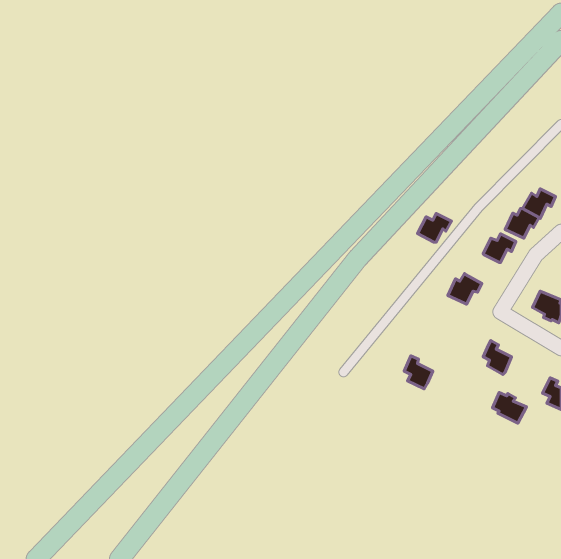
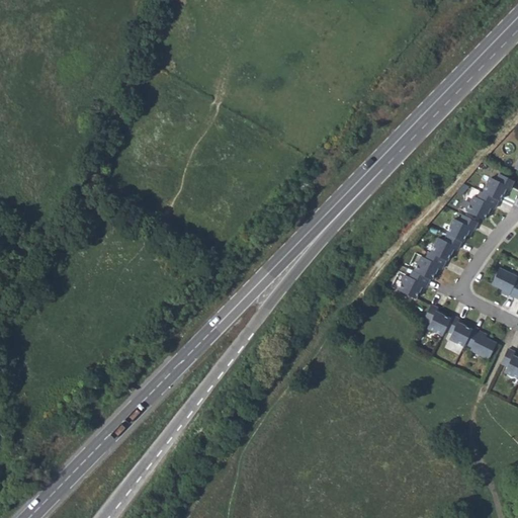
building: [417,214,451,242] -> [429,235,460,261]
building: none -> [397,271,428,299]
building: [404,356,433,389] -> [424,304,450,334]
building: [492,392,526,423] -> [465,329,497,357]

